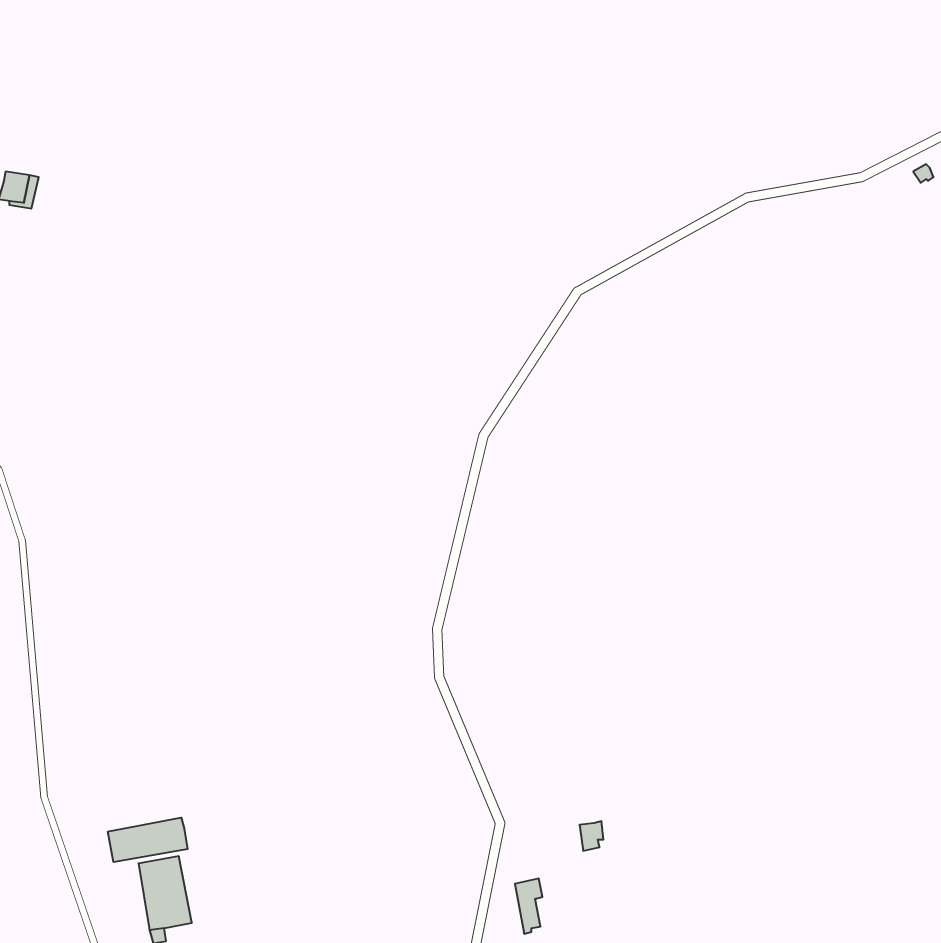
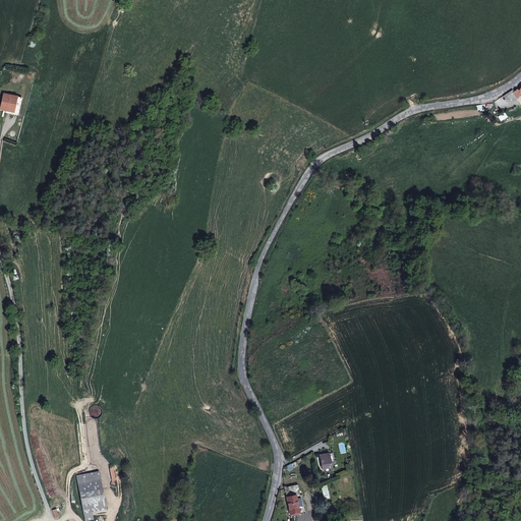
building: [108,818,187,862] -> none

